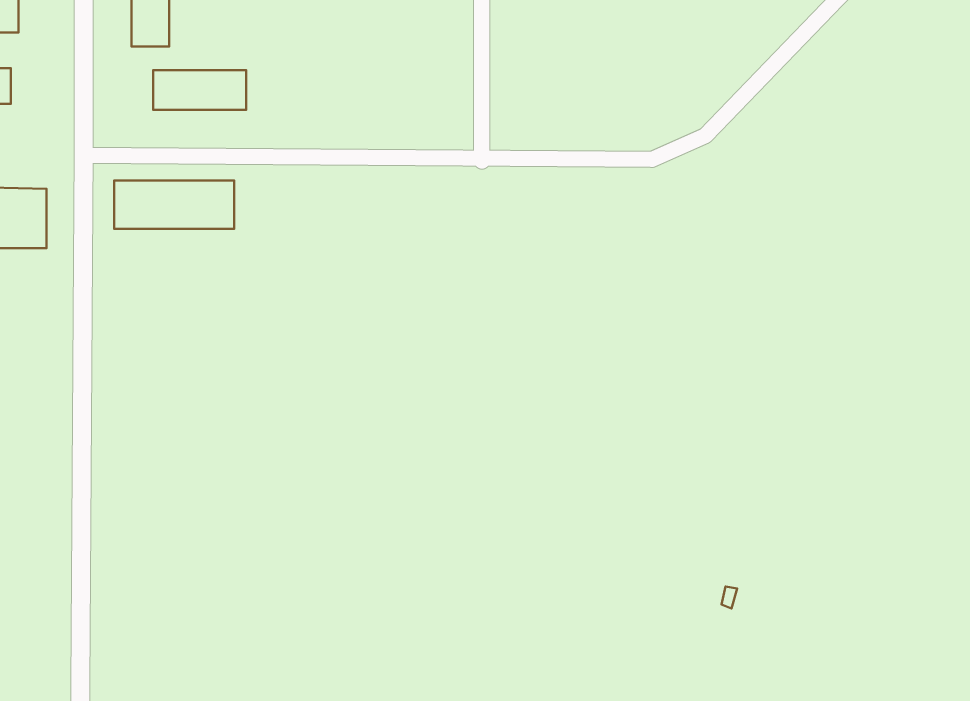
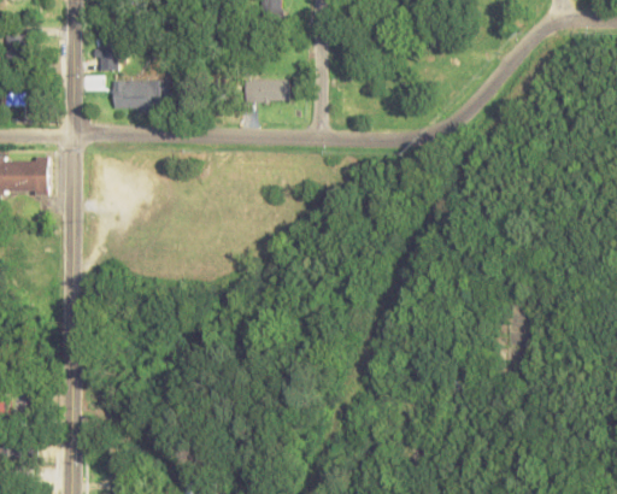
building: none -> [255,80,284,101]
building: [114,181,234,229] -> none

